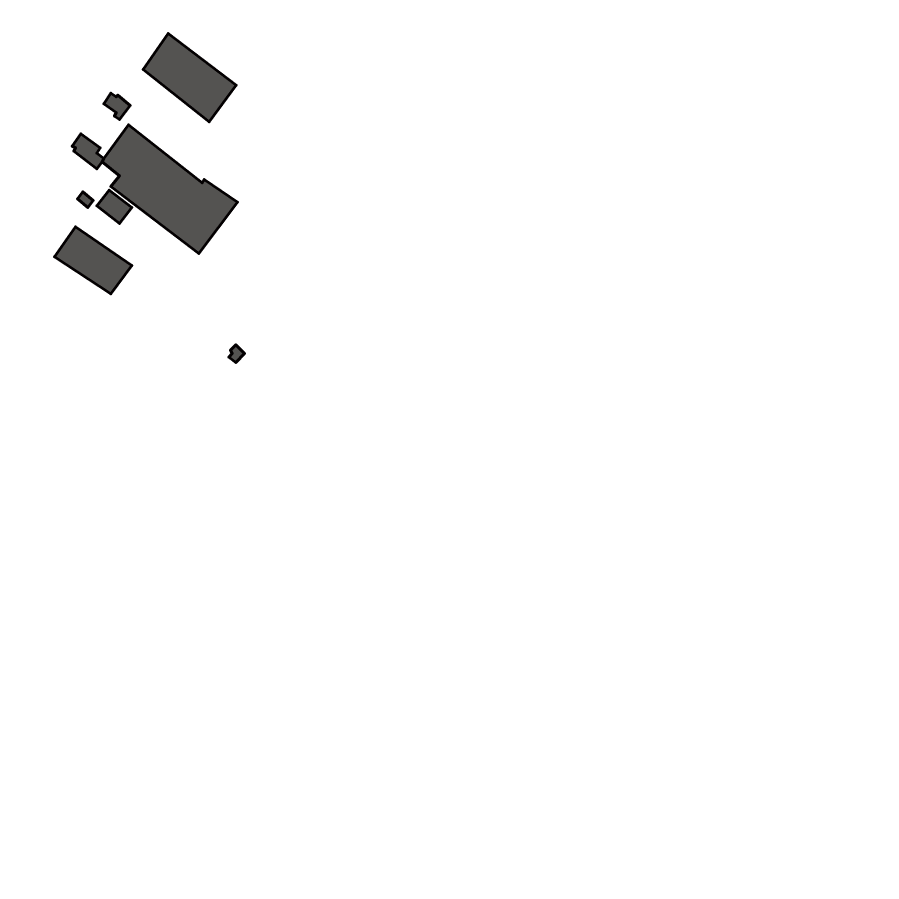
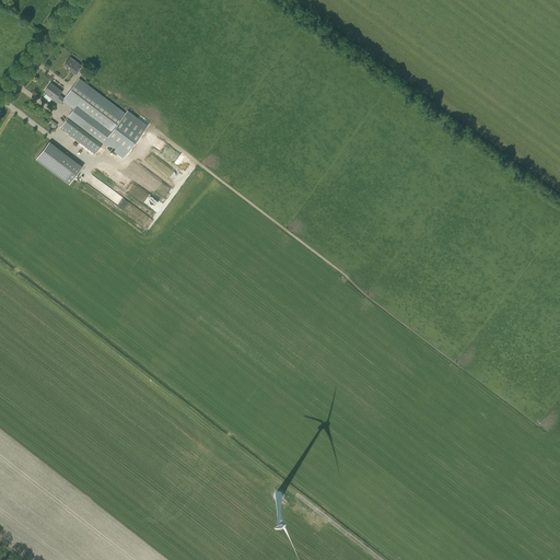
building: [143,34,236,122] -> none

